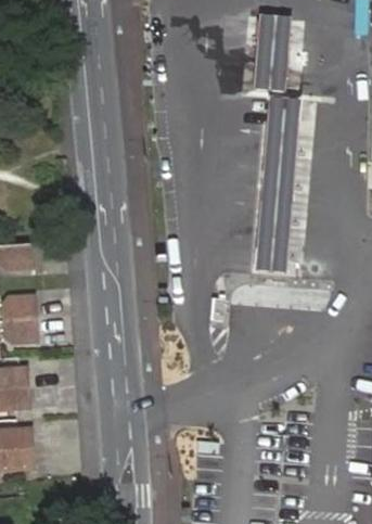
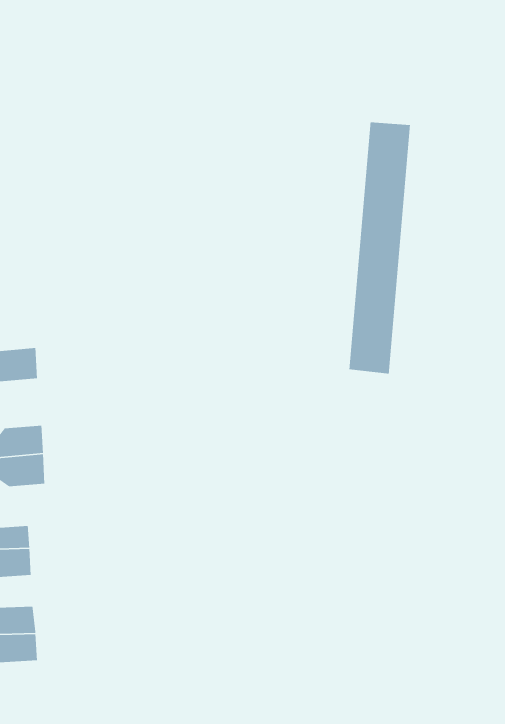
building: [256,12,295,90] -> none

